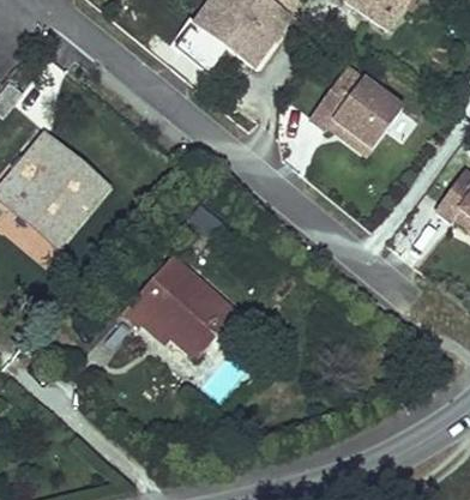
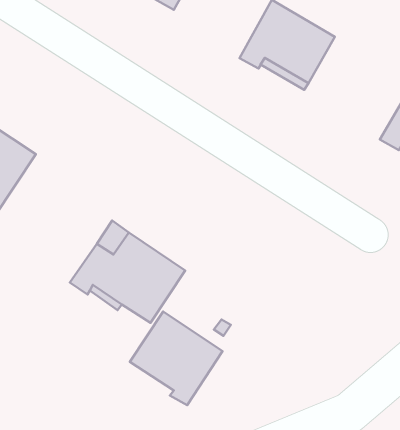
building: none -> [130,312,223,405]

